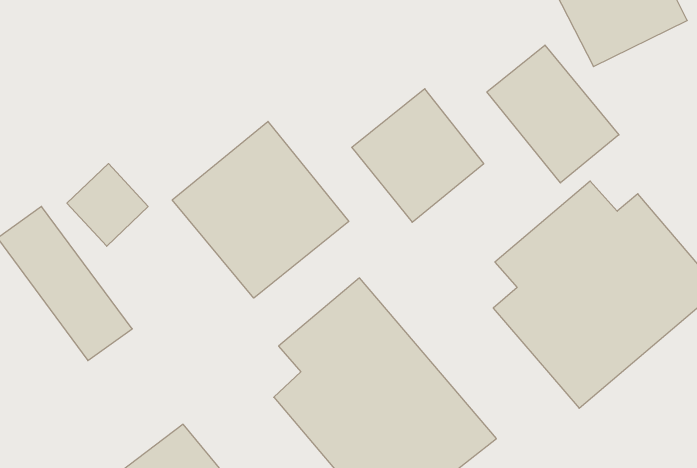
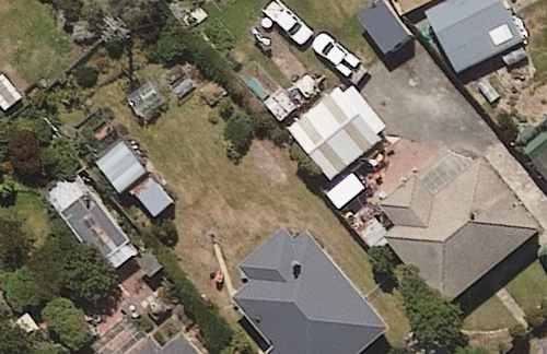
building: [487,45,619,183] -> none
building: [172,121,349,298] -> none

